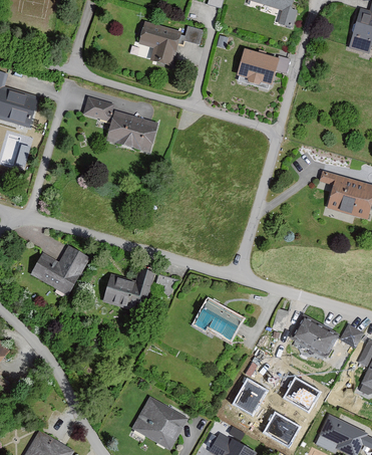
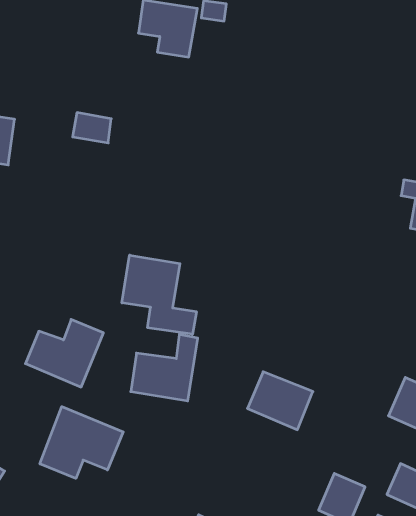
building: [231,49,287,87] -> none
building: [110,112,161,154] -> none
building: none -> [122,255,196,334]
building: none -> [40,407,123,478]

